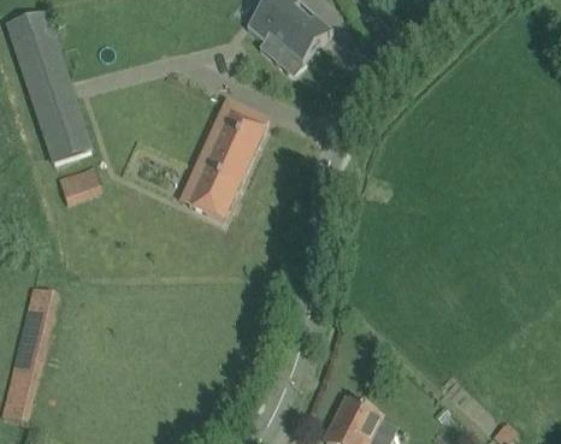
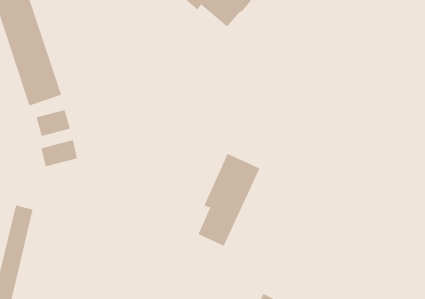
building: [189,99,268,218] -> [198,153,261,247]
building: none -> [41,139,78,167]

